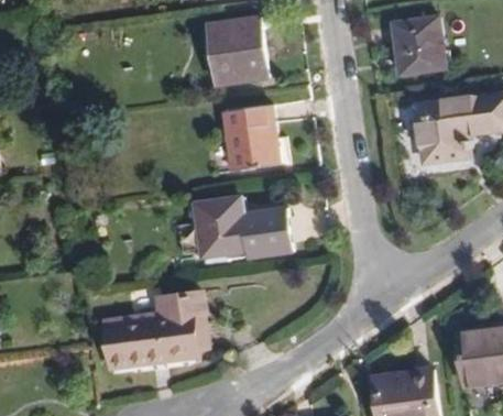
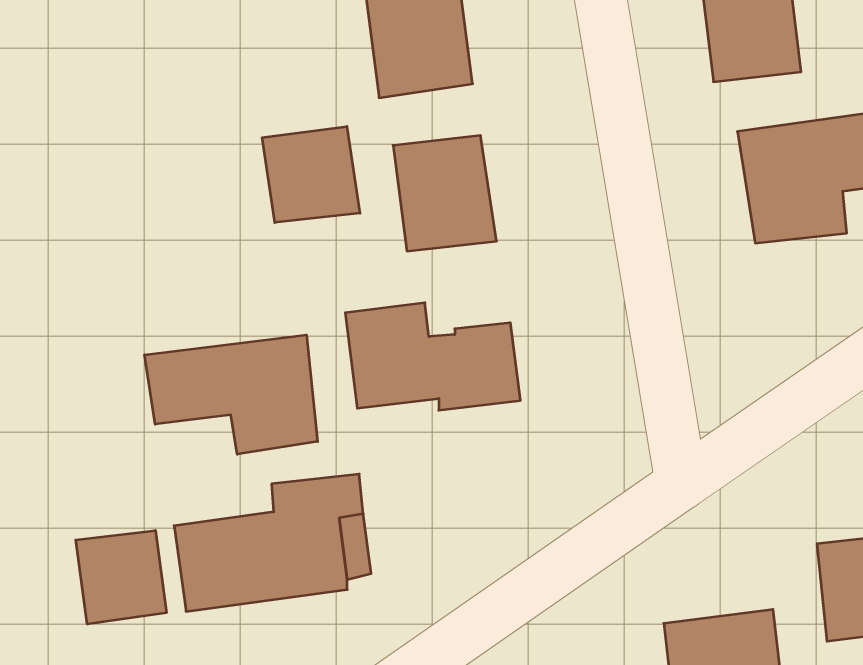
building: none -> [262,126,360,223]
building: none -> [145,335,318,454]
building: none -> [76,530,166,624]

